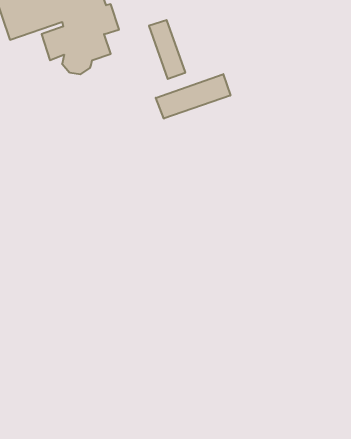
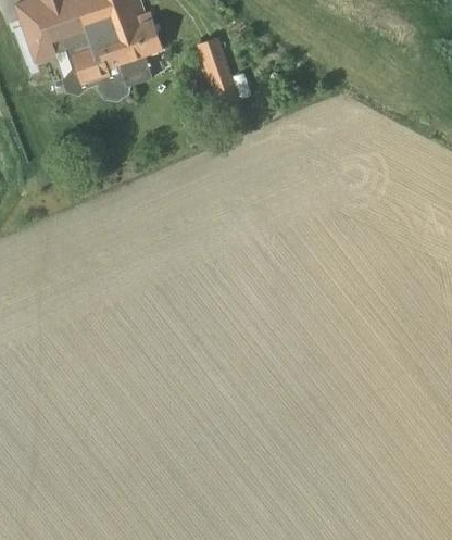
building: [156,74,230,119] -> none

